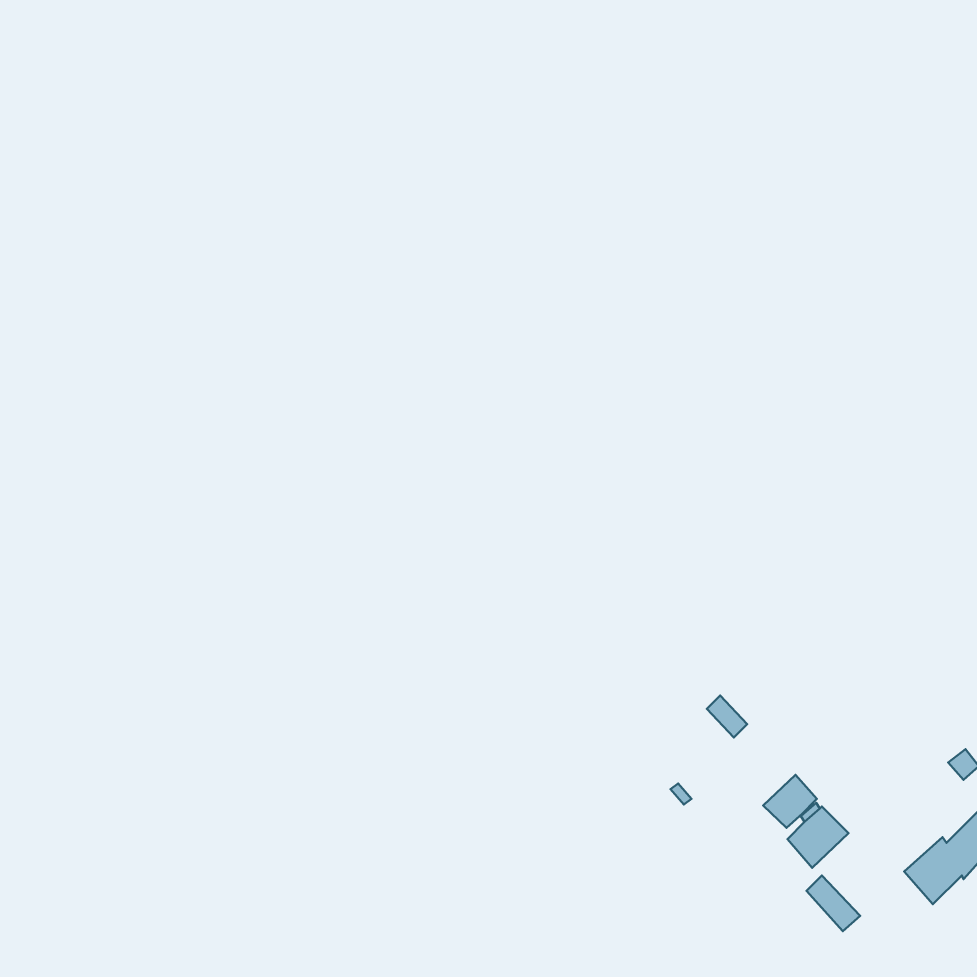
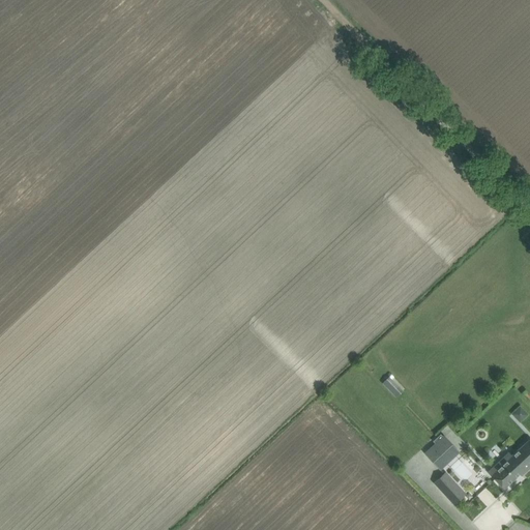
building: [763,775,817,828] -> none

